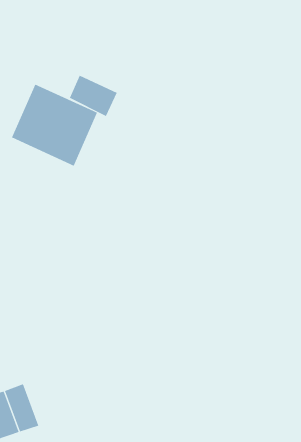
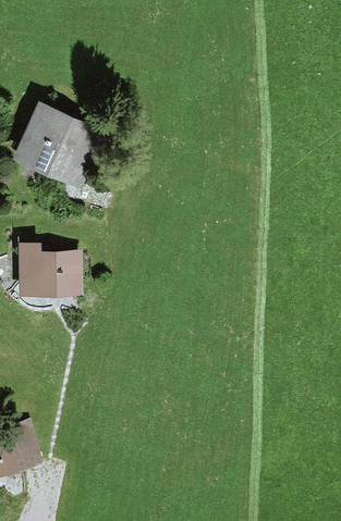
building: [69,75,118,117] -> none
building: none -> [19,245,81,298]

